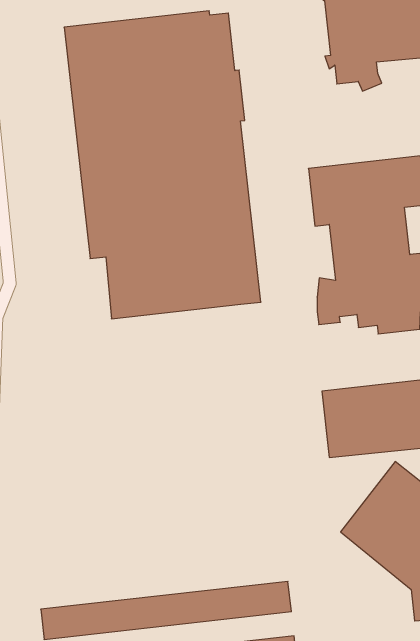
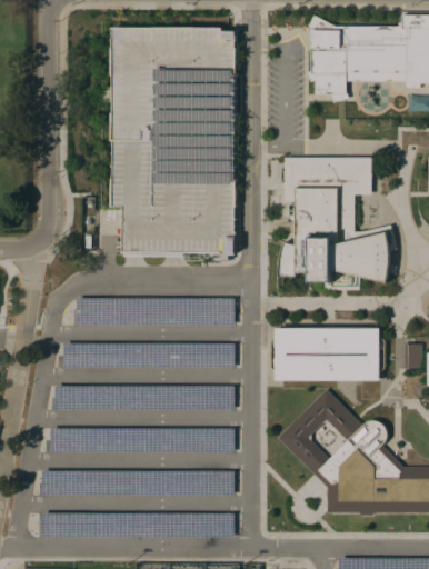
building: none -> [77,299,235,325]
building: none -> [63,343,235,368]
building: none -> [54,387,235,409]
building: none -> [50,429,235,452]

